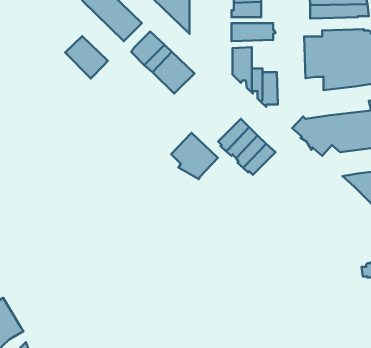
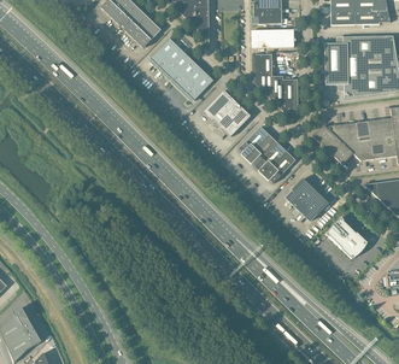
building: [65,36,108,78] -> none
building: [171,133,218,179] -> [204,89,251,136]
building: none -> [286,177,329,221]
building: none -> [327,217,368,258]

